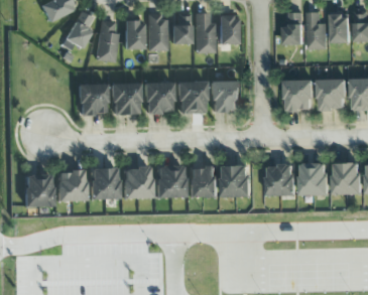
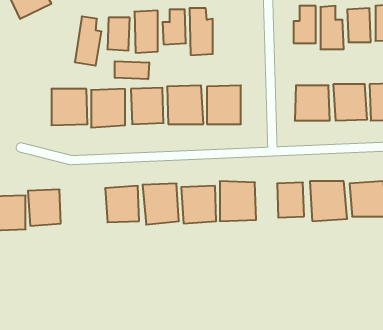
building: [63,12,95,50] -> none
building: [218,17,237,45] -> none
building: none -> [115,61,149,79]
building: [87,167,117,197] -> none

